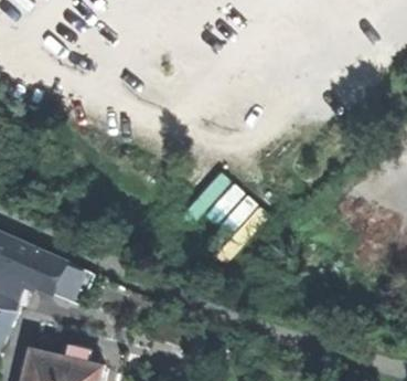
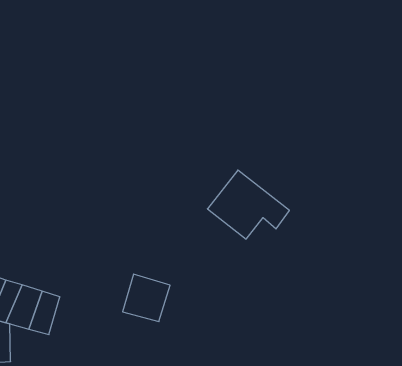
building: [49,261,92,304] -> [123,274,170,322]

